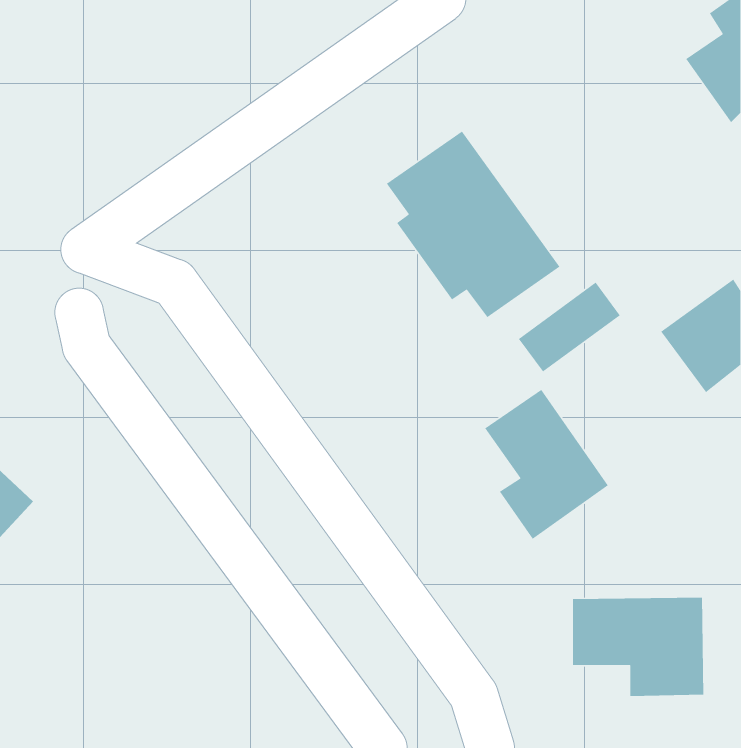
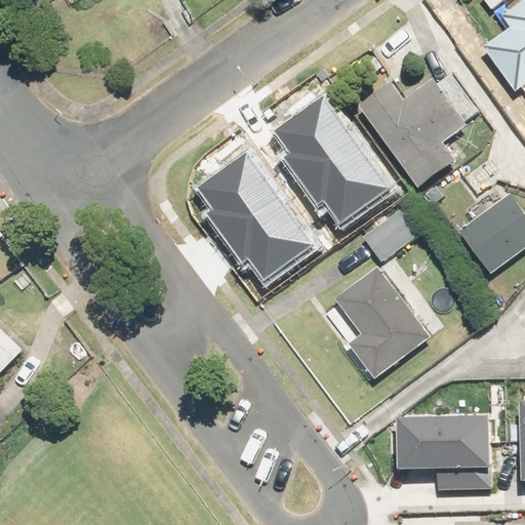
building: none -> [360,80,469,191]
building: none -> [189,149,310,281]

